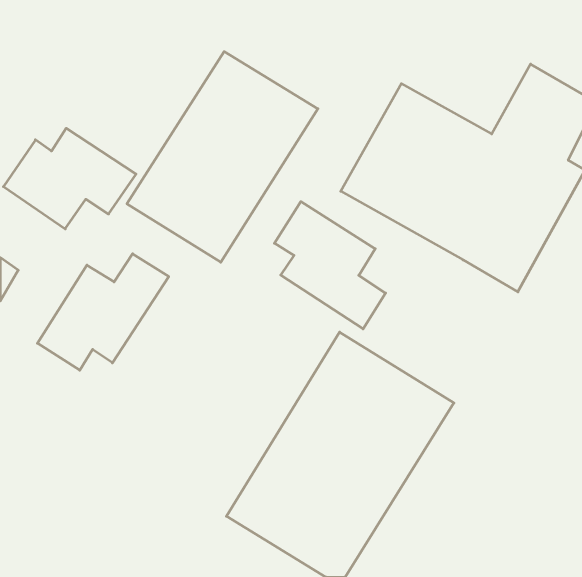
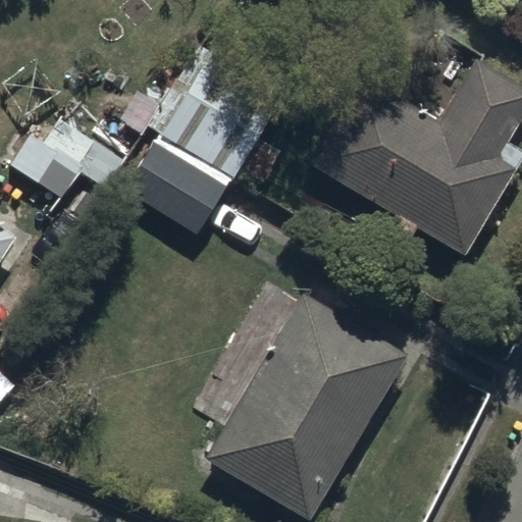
building: [274,202,386,329] -> none
building: [37,254,169,370] -> none

